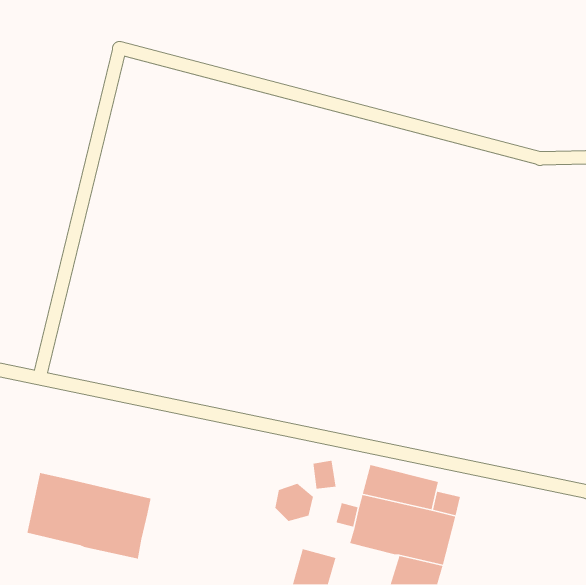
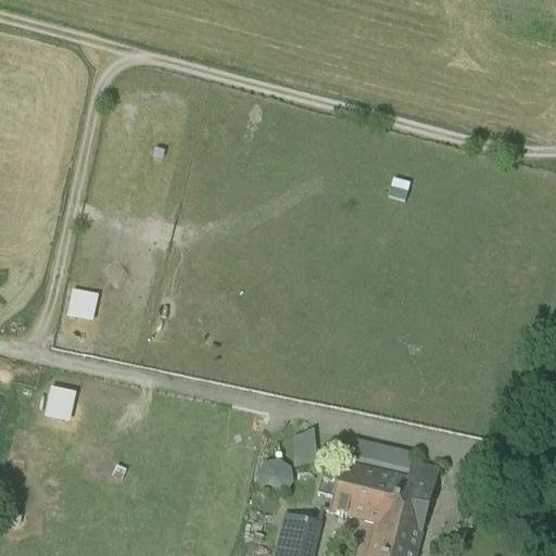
building: none -> [67,289,96,317]
building: none -> [47,390,75,418]
building: [27,472,151,559] -> none

